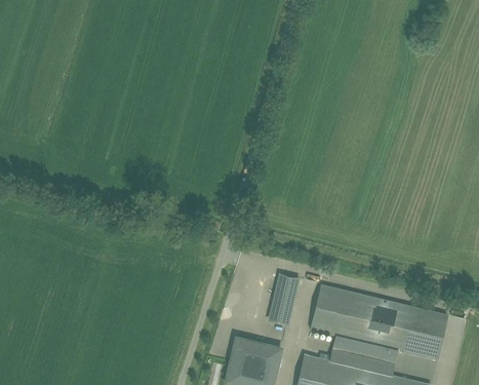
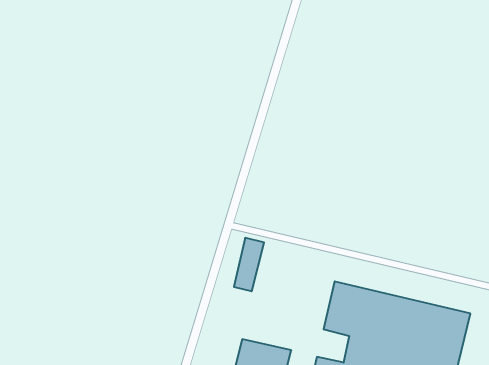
building: [270,273,297,322] -> [234,238,264,291]

